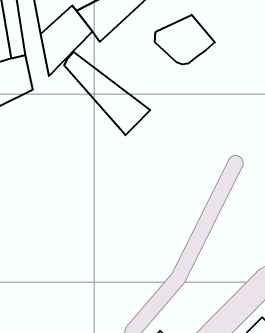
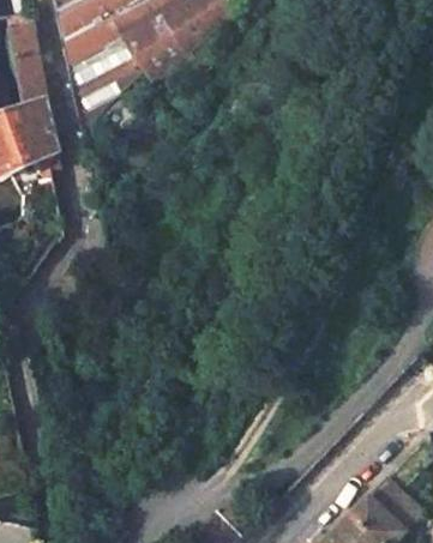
building: [155,15,215,64] -> none
building: [64,51,150,135] -> none

